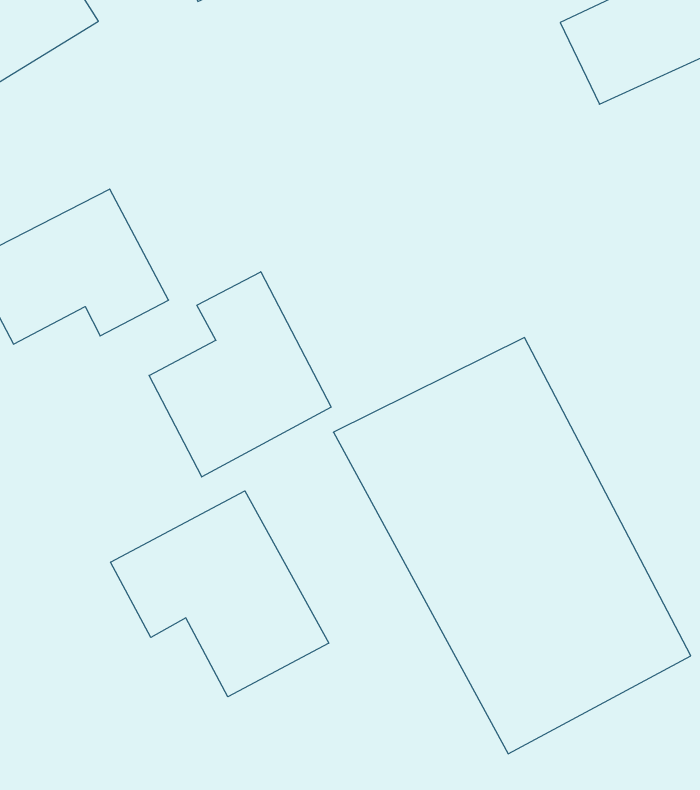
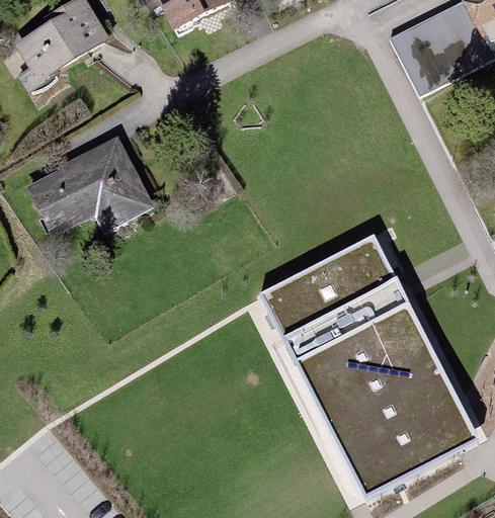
building: [149,272,331,477] -> none
building: [111,491,329,697] -> none

